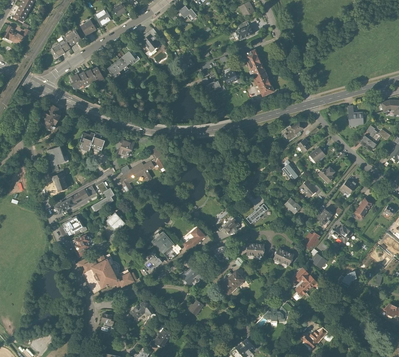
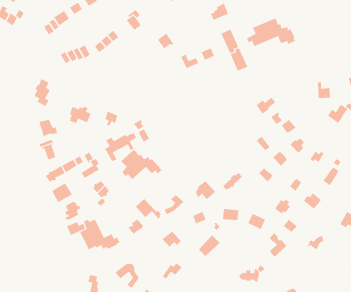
building: none -> [246,17,296,47]
building: none -> [121,149,162,180]

